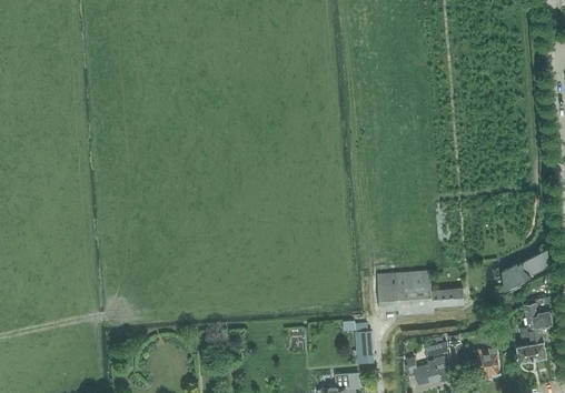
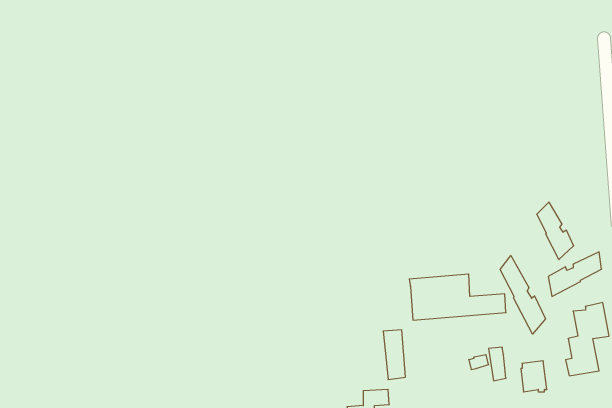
building: none -> [537,202,574,260]
building: none -> [500,256,546,334]
building: [404,356,452,383] -> none

